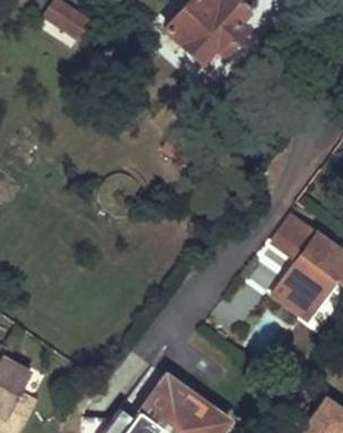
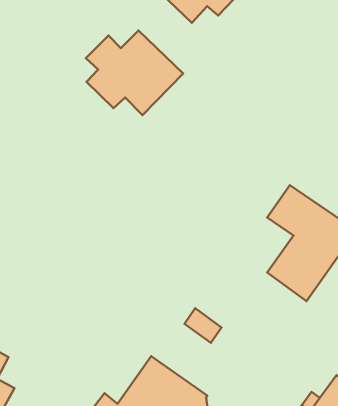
building: none -> [86,31,183,115]

